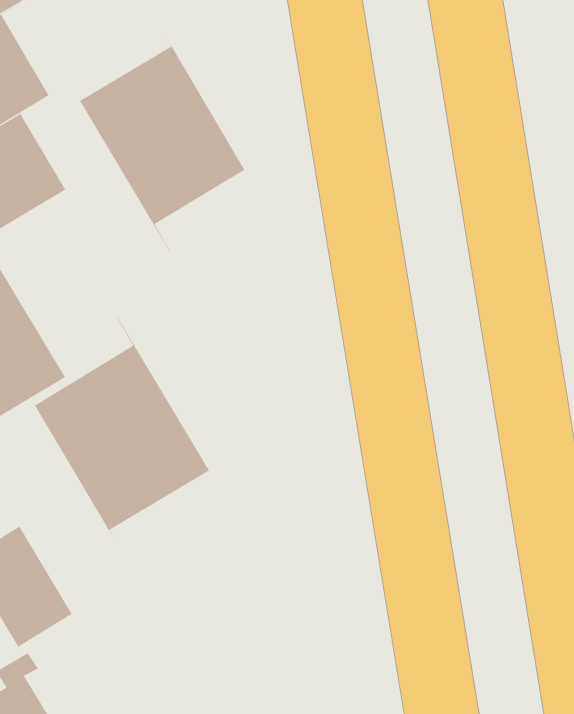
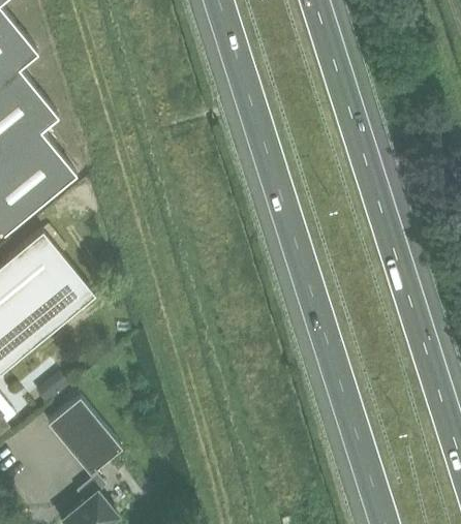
building: [79,35,245,254] -> none
building: [34,315,210,541] -> none

